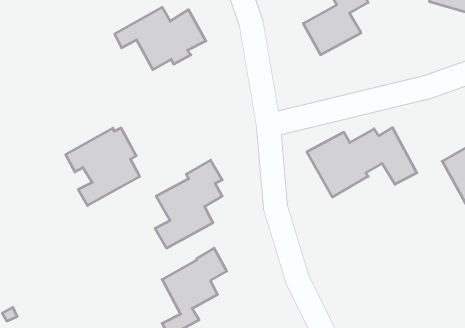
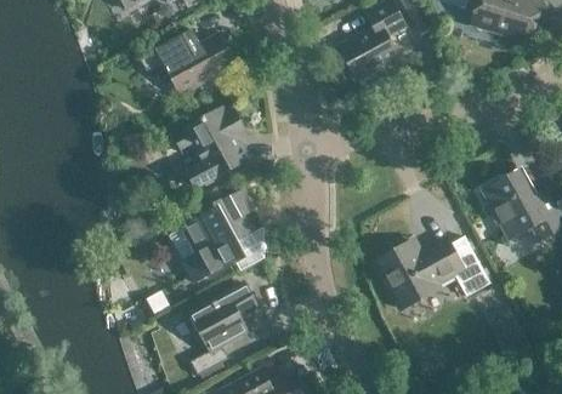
building: [307,128,417,197] -> [374,238,489,310]
building: [66,128,140,206] -> [172,108,250,189]

